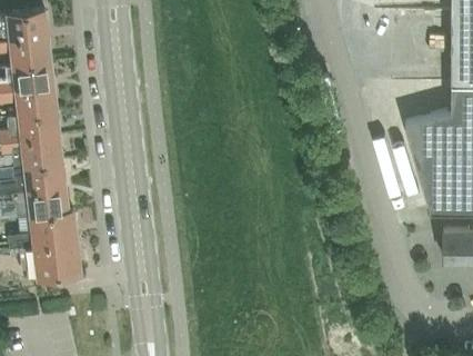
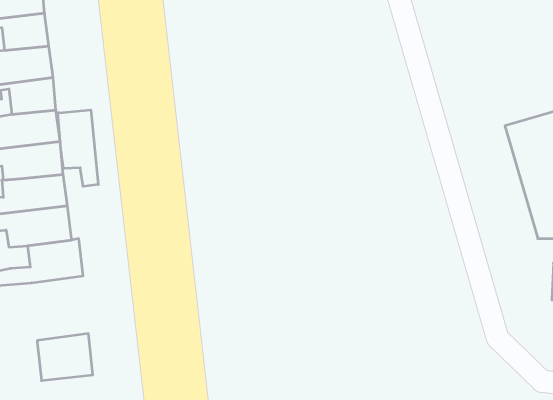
building: none -> [58,110,98,186]
building: [37,241,80,278] -> [37,334,93,381]

